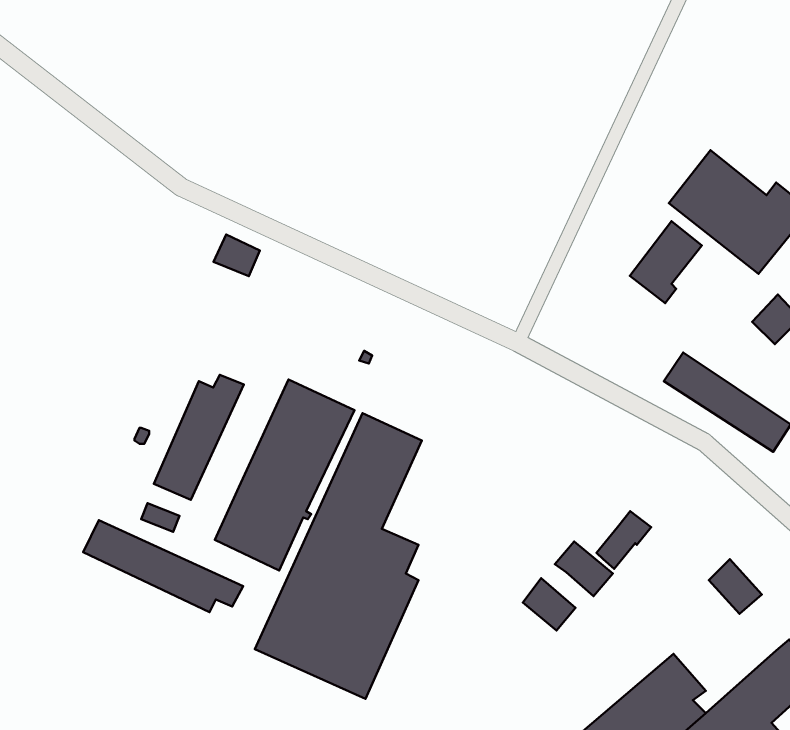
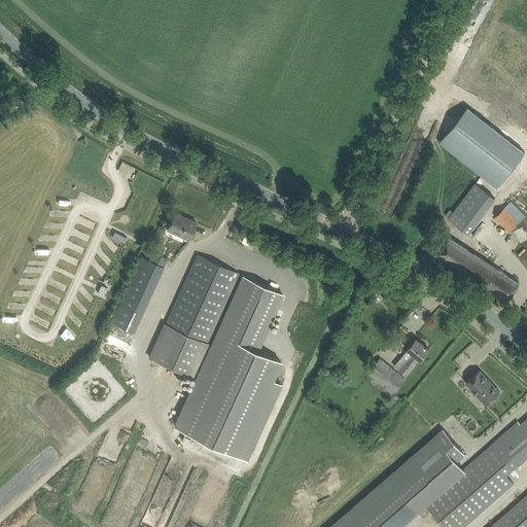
building: [630,221,702,303] -> [449,185,495,238]
building: [213,235,260,276] -> [167,214,197,241]
building: [83,520,243,612] -> none
building: [523,578,575,631] -> none

